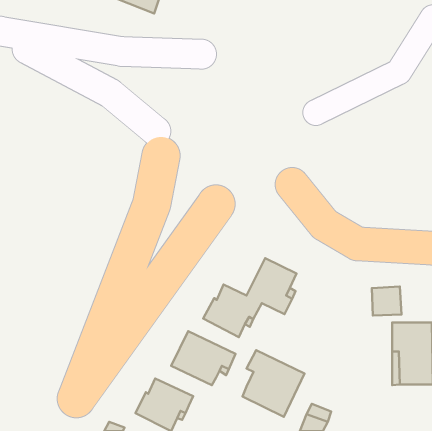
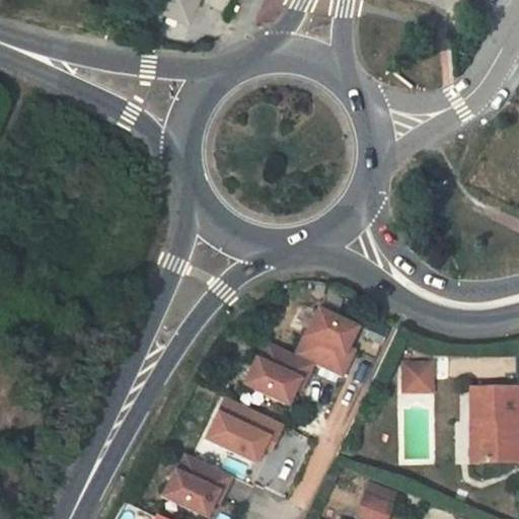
building: [372,287,402,315] -> [399,359,435,393]
building: [242,350,304,417] -> none

